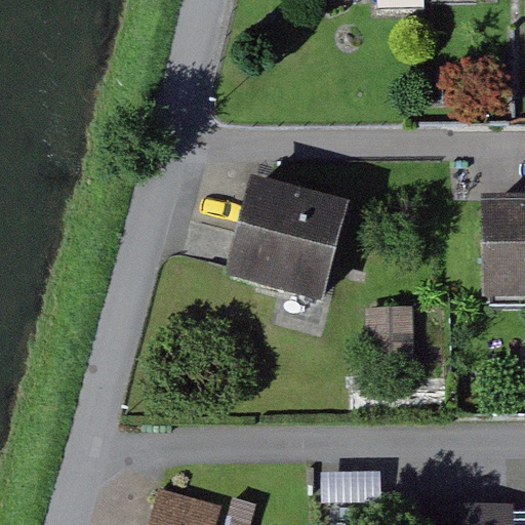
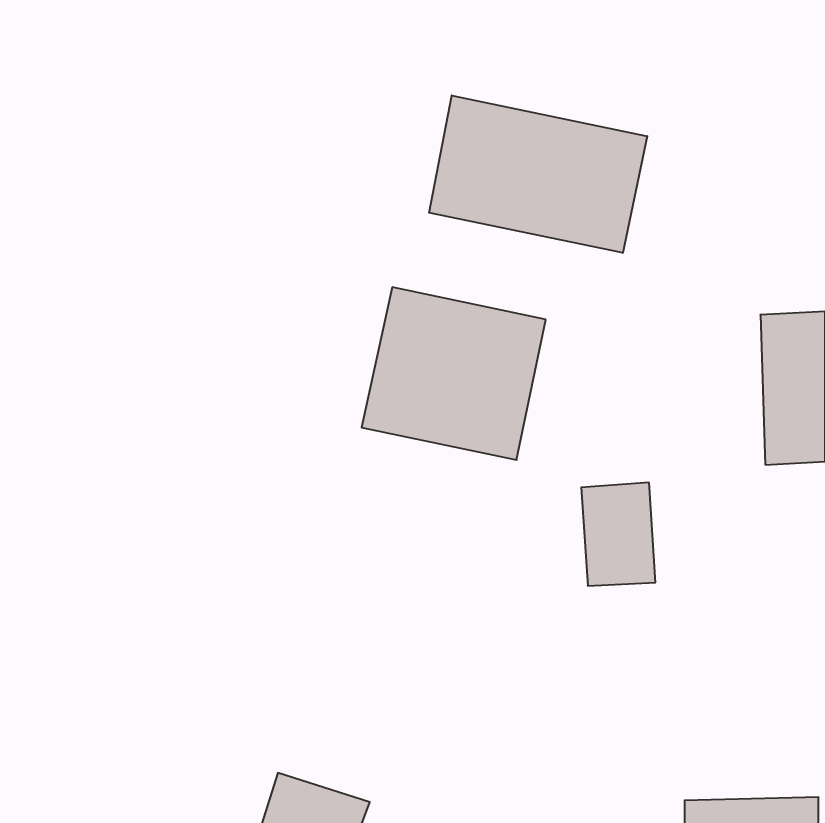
building: none -> [429,95,647,253]

